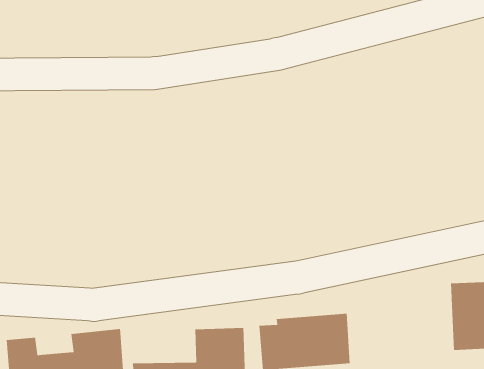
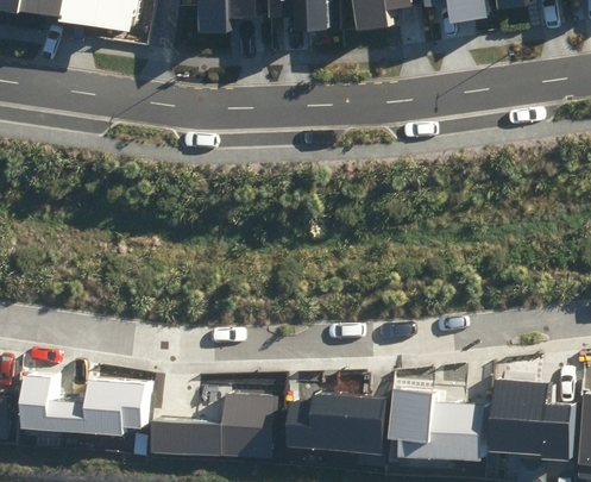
building: none -> [391,392,482,458]

